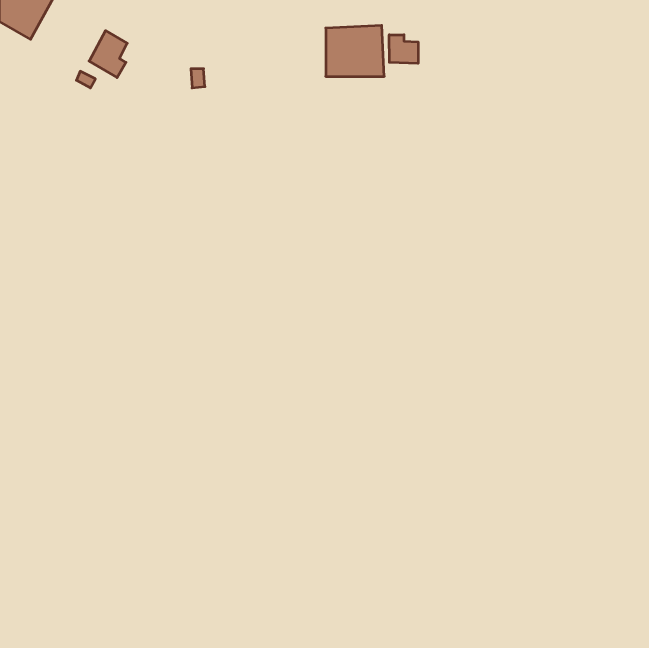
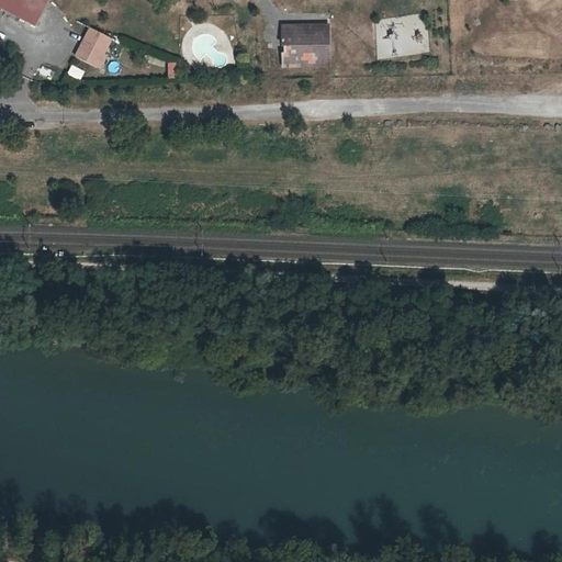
building: [389,35,418,63] -> none

